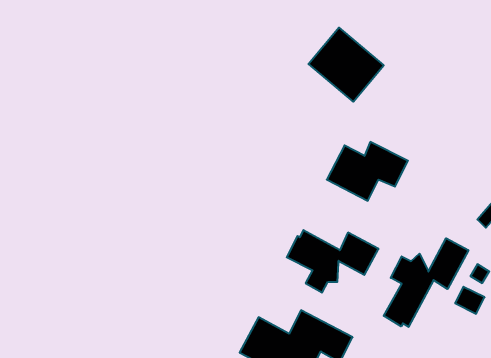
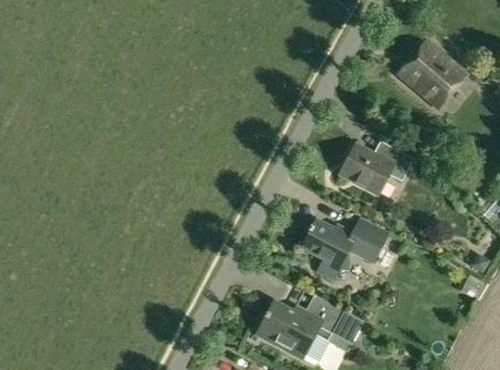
building: [308,28,384,102] -> [398,39,467,108]
building: [384,238,468,327] -> none

